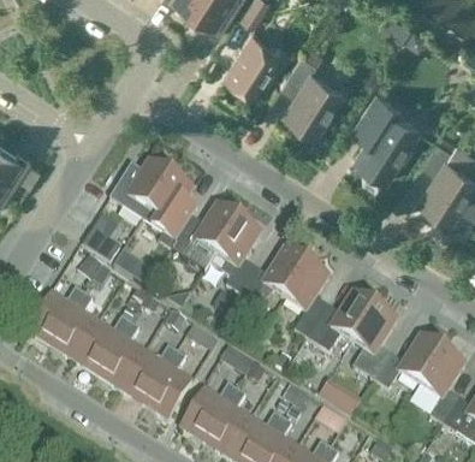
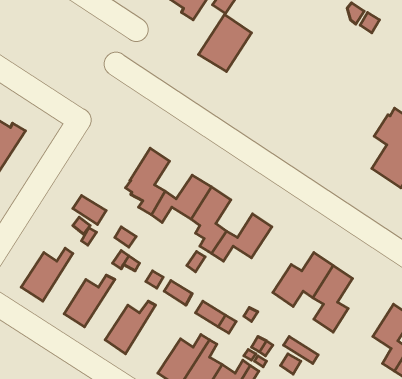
building: [284,42,344,132] -> none
building: [354,90,420,178] -> none
building: [126,161,171,212] -> none
building: [284,263,328,337] -> none
building: [51,294,99,361] -> none
building: [97,322,146,390] -> none
building: [375,337,443,390] -> none
building: [143,351,192,420] -> none

